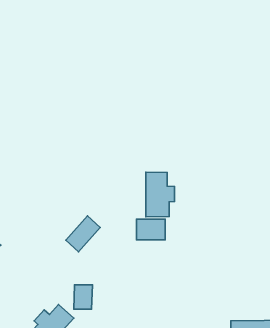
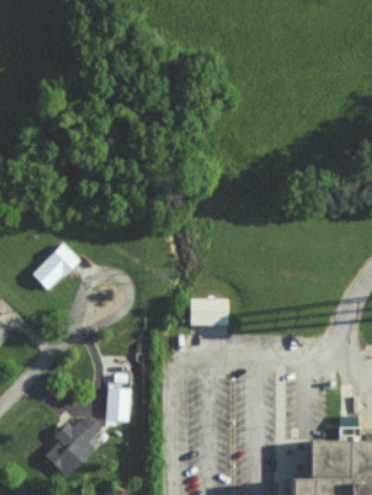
building: [146,172,175,217] -> none
building: [66,216,100,252] -> [31,241,77,290]

